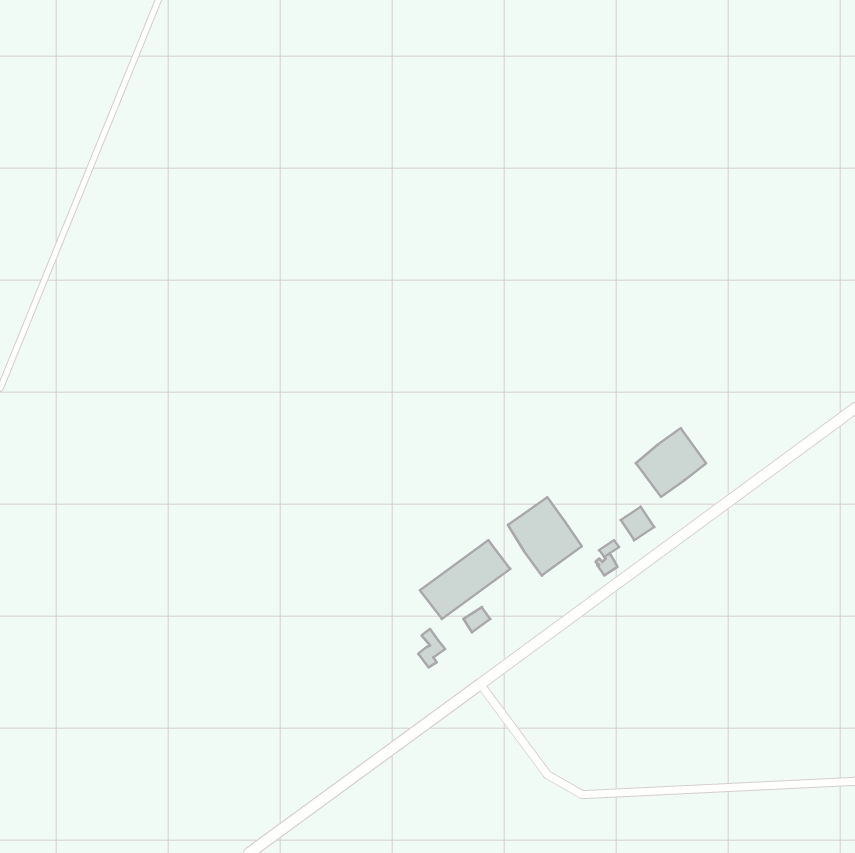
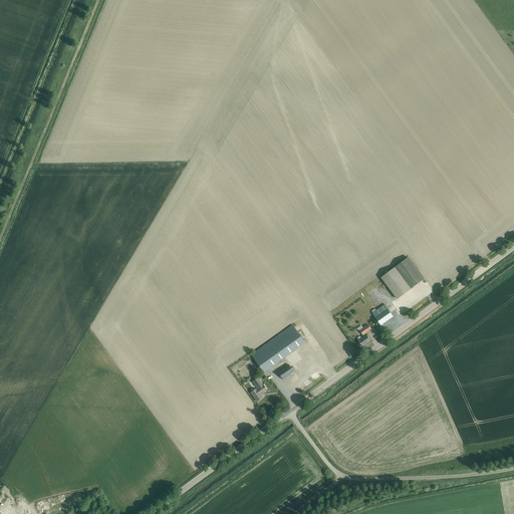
building: [508,497,582,576] -> none

